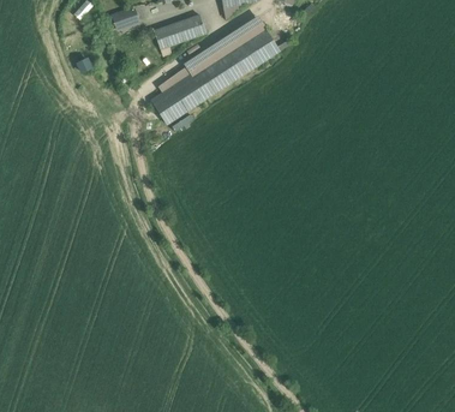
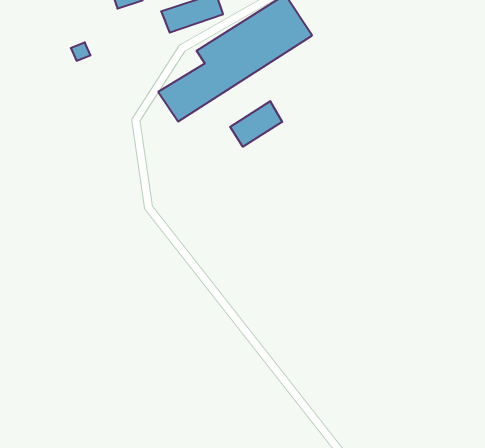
building: none -> [230,101,282,147]

